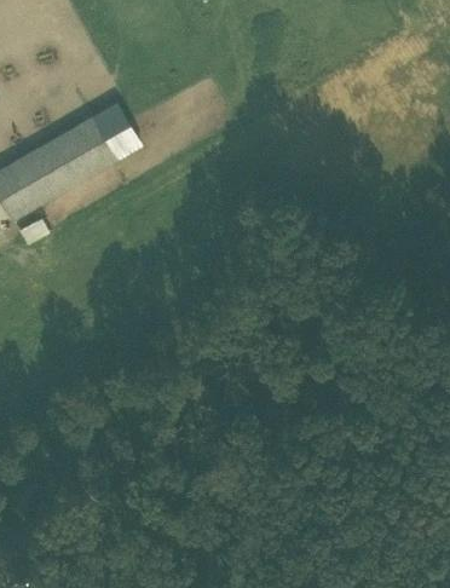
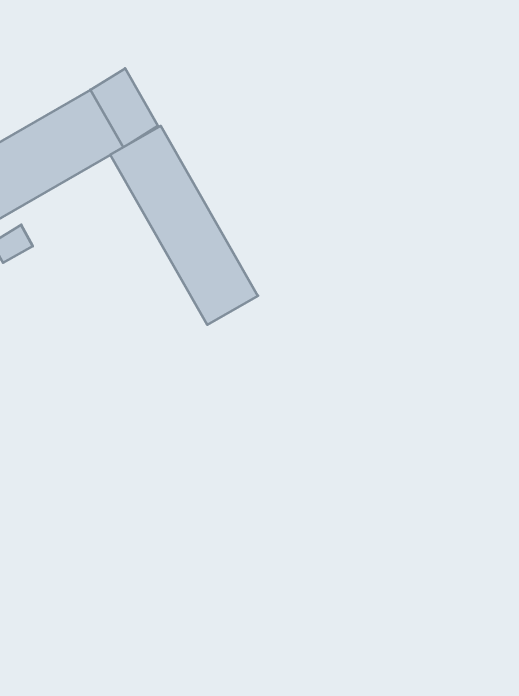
building: none -> [110,126,258,325]

